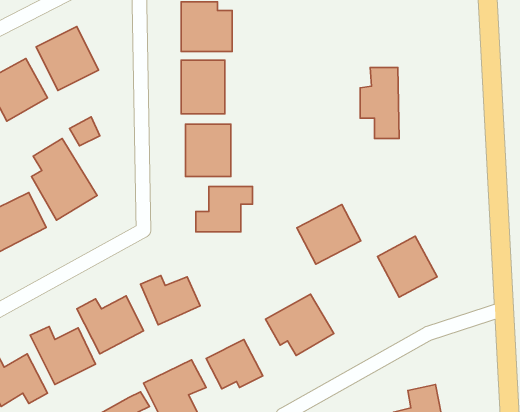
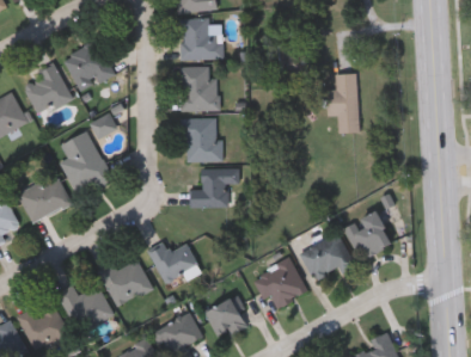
building: [297,204,361,264] -> [300,234,353,283]

